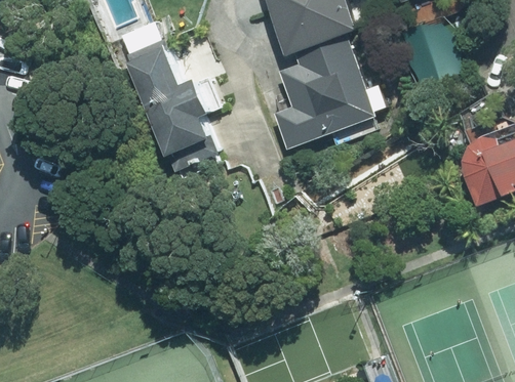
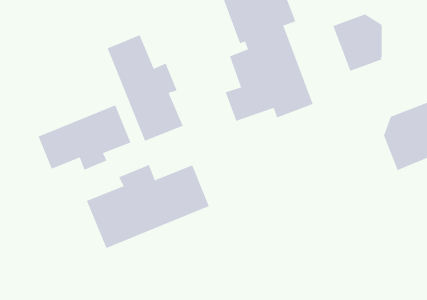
building: none -> [38,104,131,170]
building: none -> [86,164,210,249]

